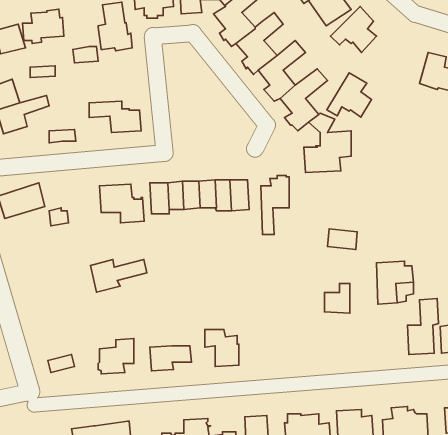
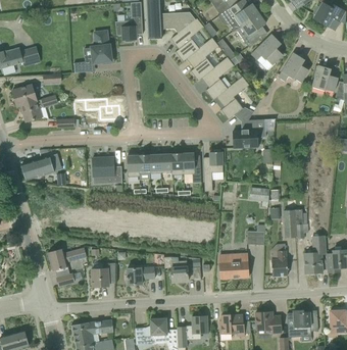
building: [23,9,64,44] -> none
building: [327,73,371,117] -> [278,52,308,83]
building: [91,260,147,292] -> [48,248,87,270]
building: none -> [270,243,288,276]
building: none -> [219,253,249,279]

